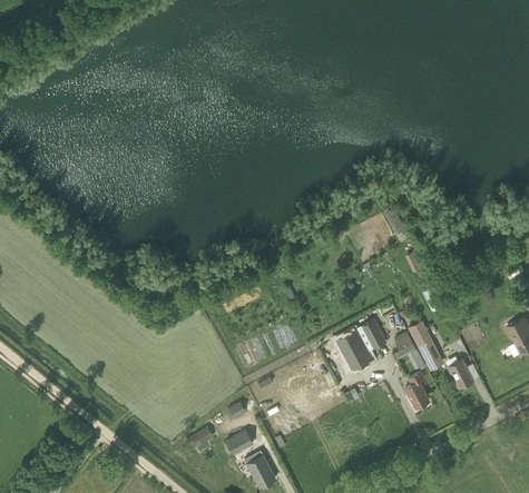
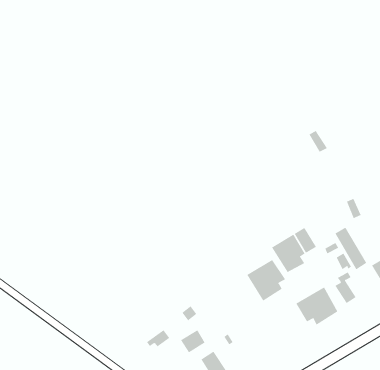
building: none -> [247,259,286,301]
building: none -> [295,287,338,326]

